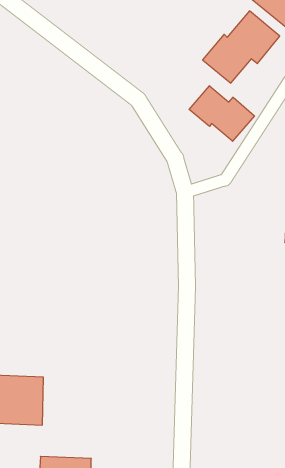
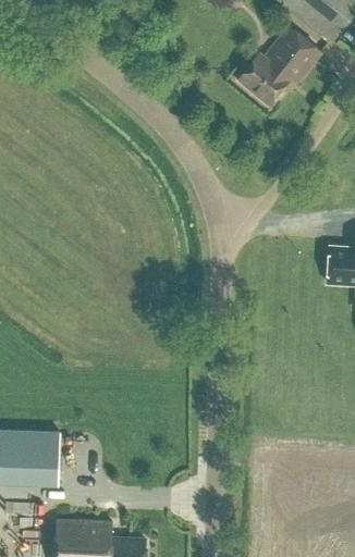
building: [189,86,254,141] -> none

